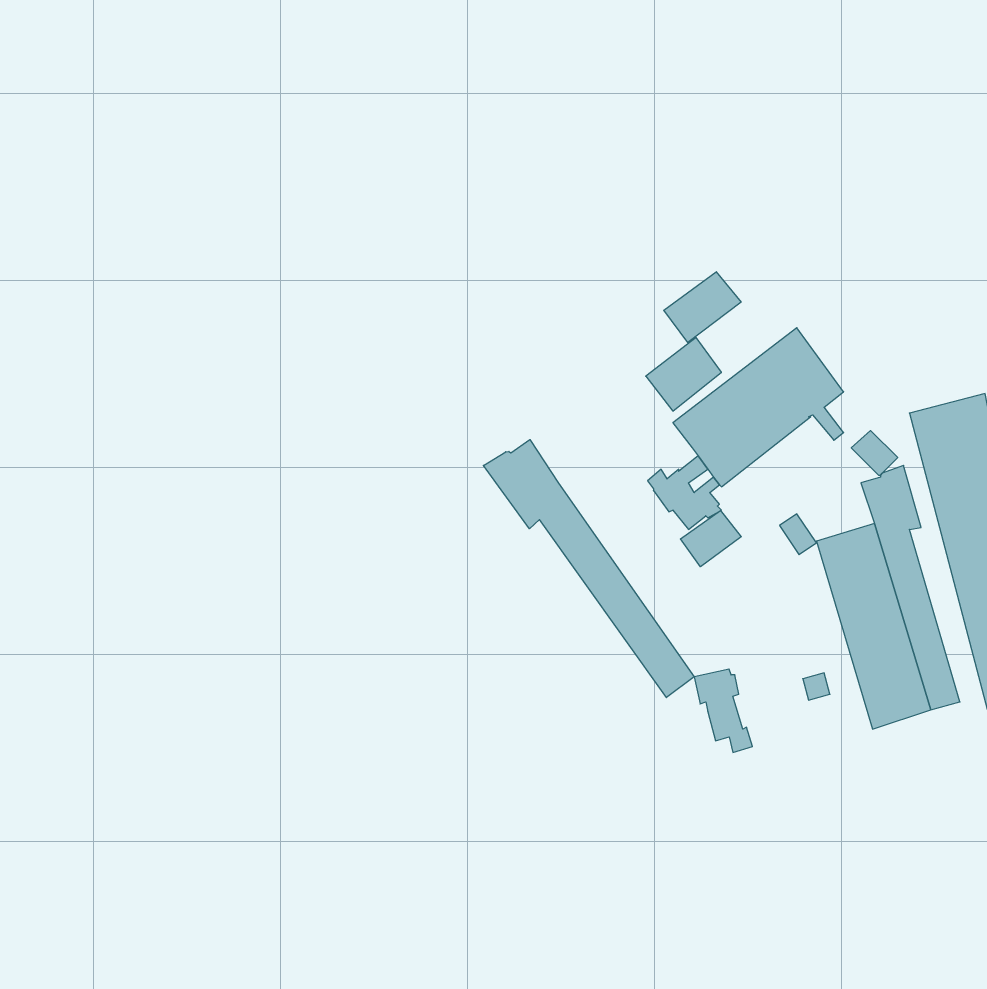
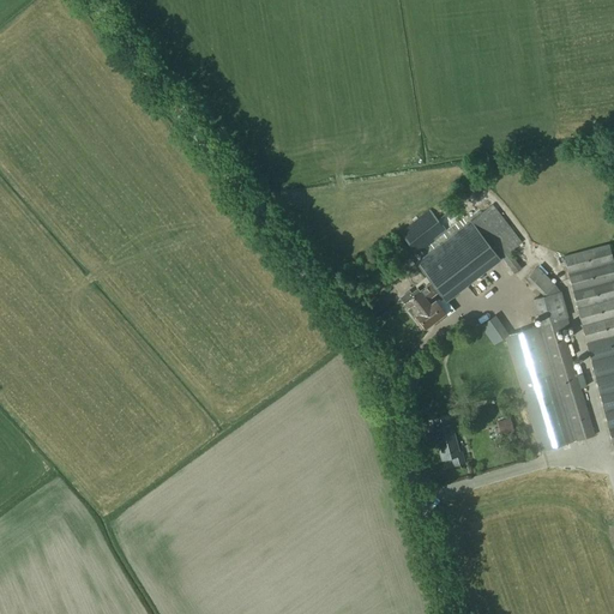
building: [664,272,741,343] -> none
building: [483,440,694,698] -> none
building: [680,510,741,567] -> none

